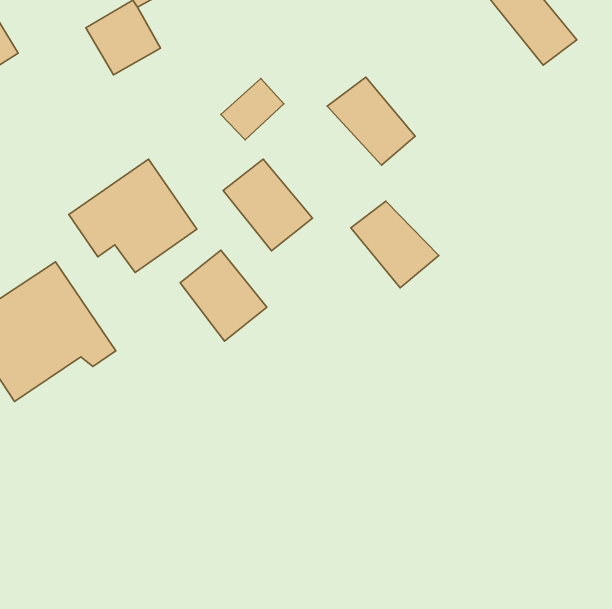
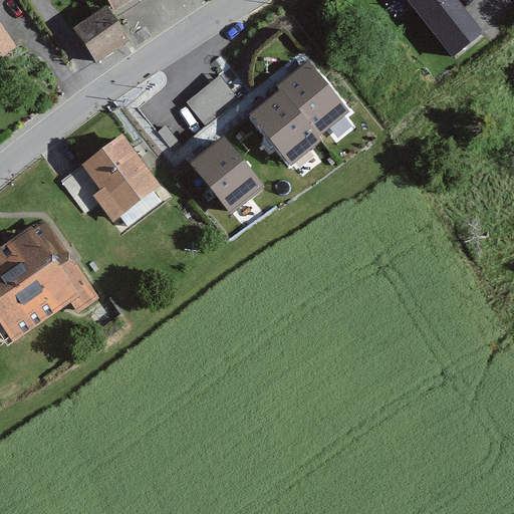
building: [351,201,439,288] -> [245,96,318,169]
building: [180,250,267,341] -> none

